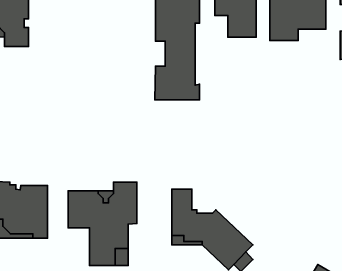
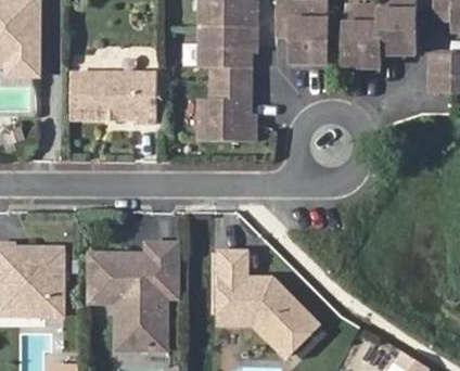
building: none -> [72,74,158,126]

